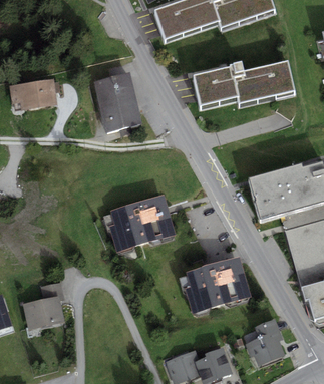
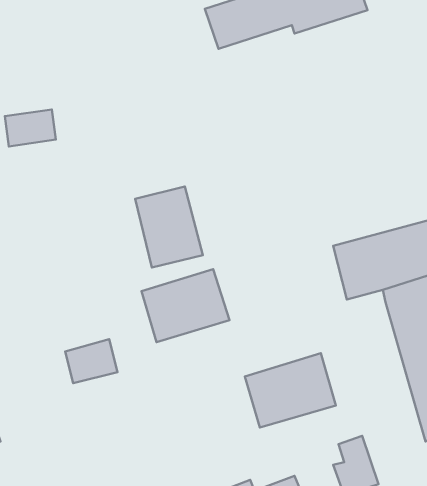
building: [192,62,292,107] -> none
building: [94,67,143,126] -> [135,186,203,268]
building: [21,294,59,326] -> [65,339,117,383]

